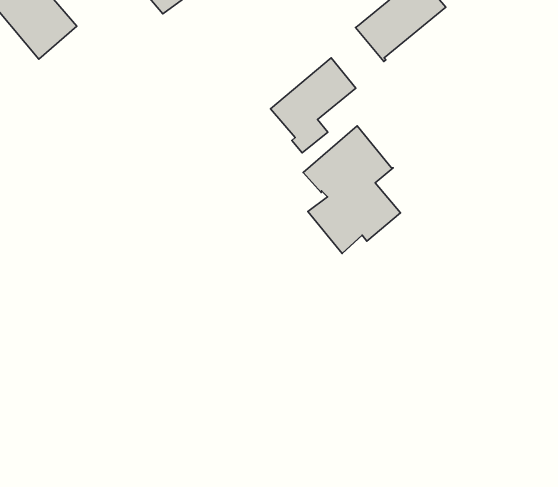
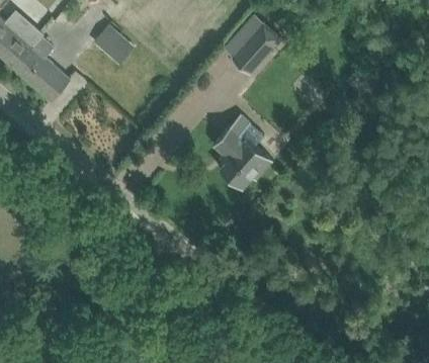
building: [271,58,356,153] -> none

